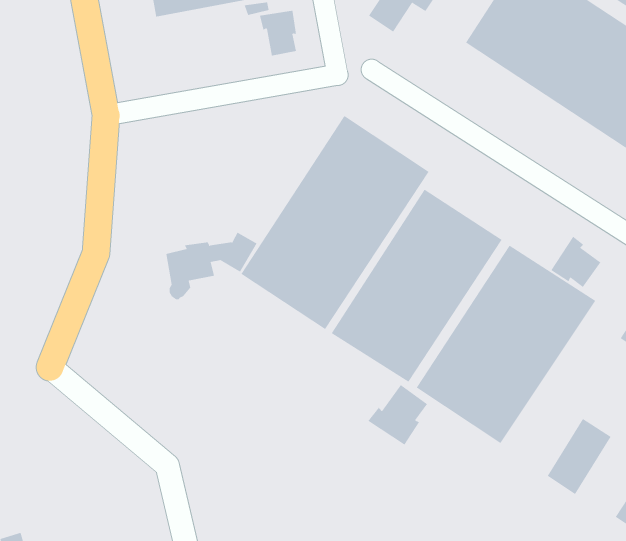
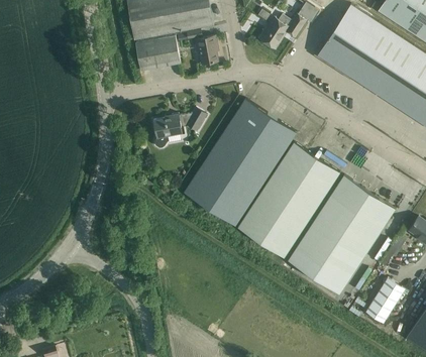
building: none -> [135,35,180,71]
building: [166,232,257,300] -> [152,108,207,148]
building: [550,236,601,288] -> none
building: [368,384,428,446] -> none

